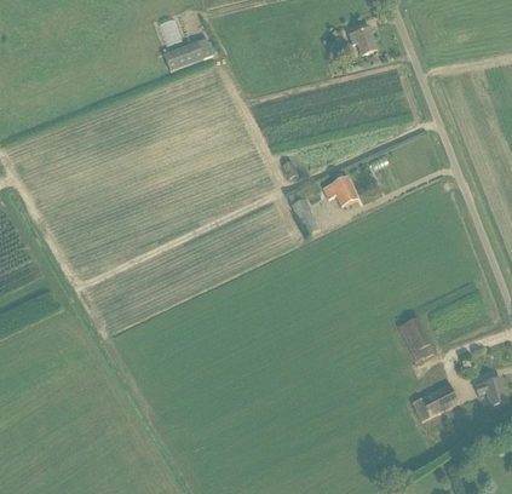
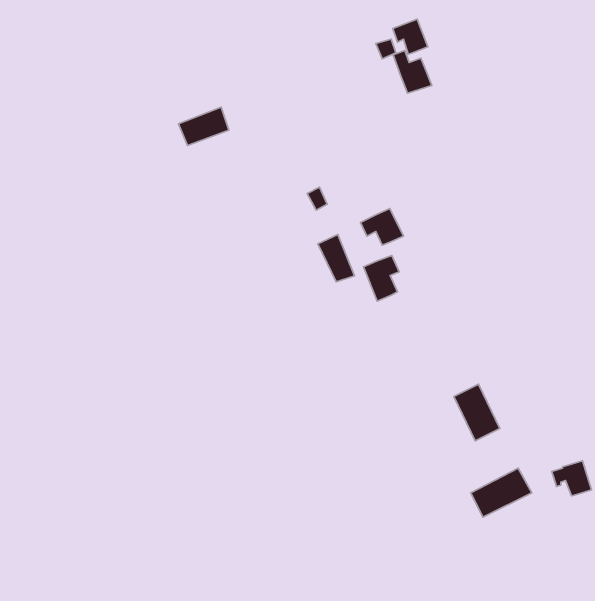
building: [163,40,203,70] -> [178,107,229,145]
building: none -> [393,50,432,93]
building: none -> [364,255,399,301]

